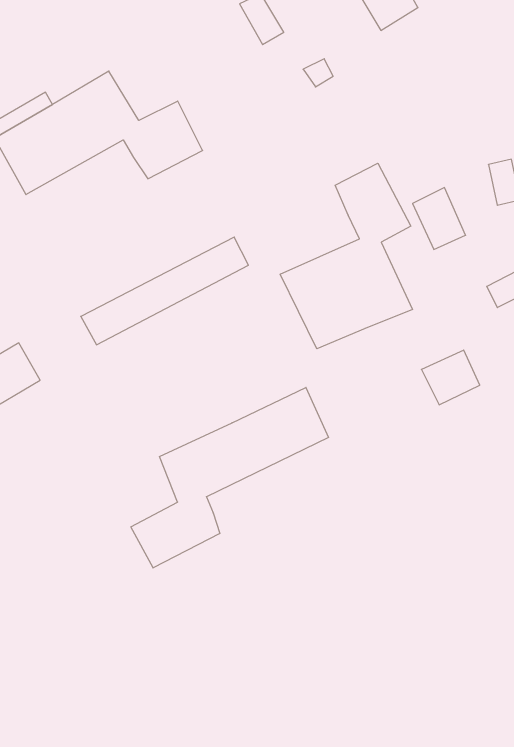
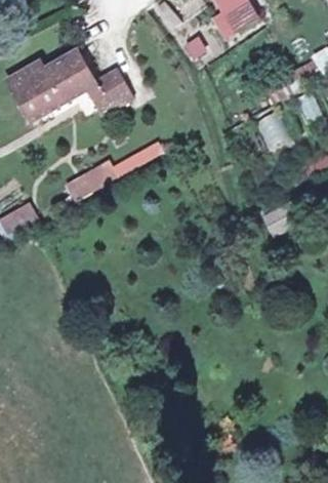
building: [280,163,412,349] -> none
building: [131,387,329,568] -> none

